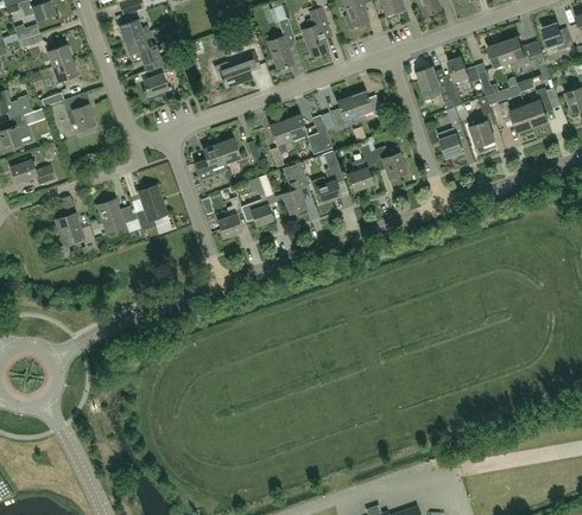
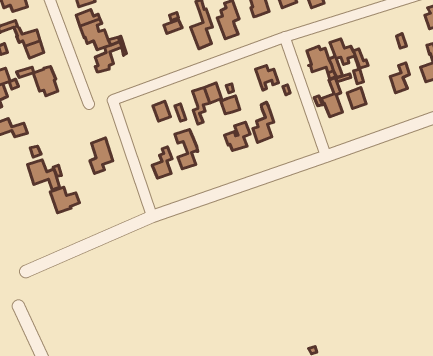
building: [543,23,574,50] -> none
building: [488,37,532,69] -> none
building: [220,52,260,88] -> none
building: [333,96,361,129] -> none
building: [499,101,533,132] -> none
building: [196,144,228,179] -> none
building: [371,146,407,178] -> none
building: [276,161,309,214] -> none
building: [97,199,135,233] -> [50,187,79,213]

